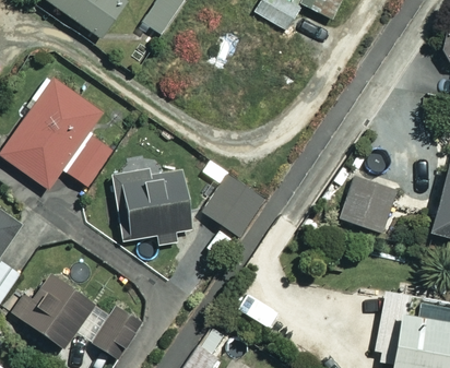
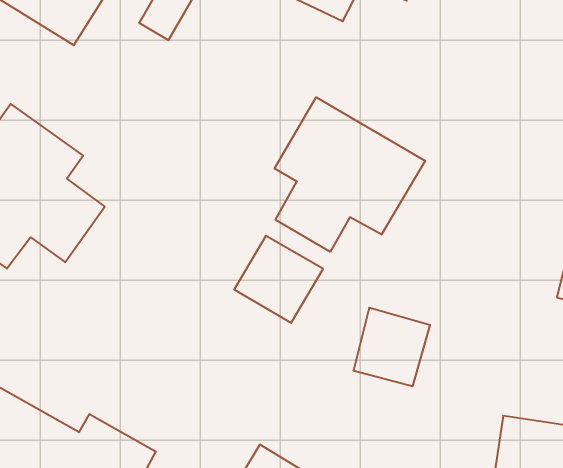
building: none -> [275,97,425,252]
building: [110,164,190,247] -> none
building: [342,177,396,233] -> [353,308,430,386]

